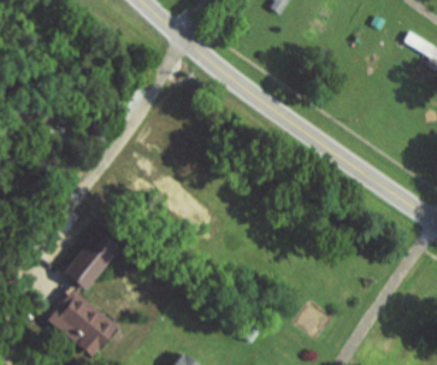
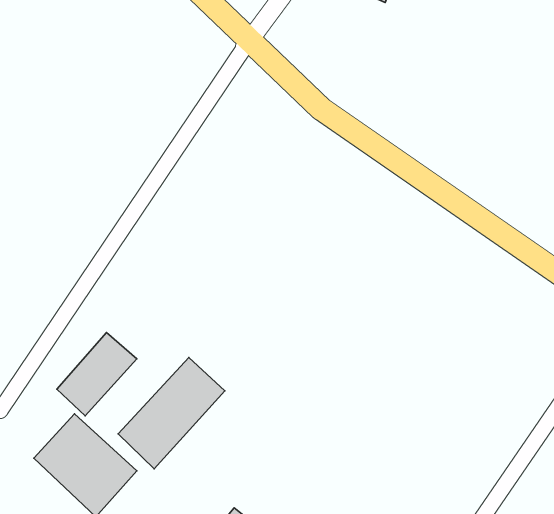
building: none -> [118,358,225,469]

